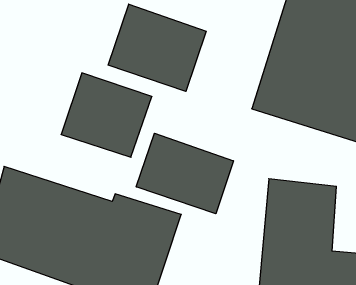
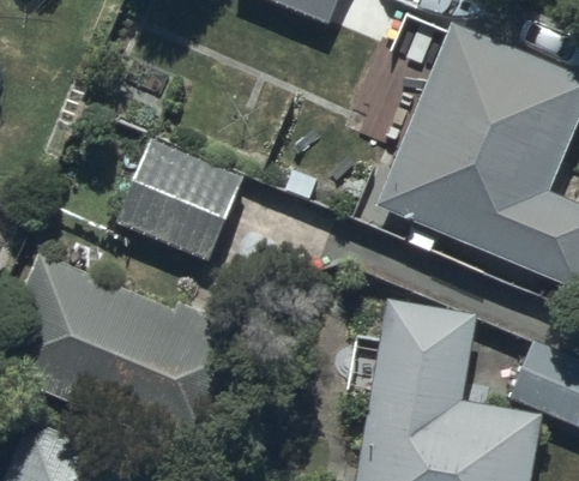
building: [108,4,206,91] -> none
building: [136,133,233,214] -> none

